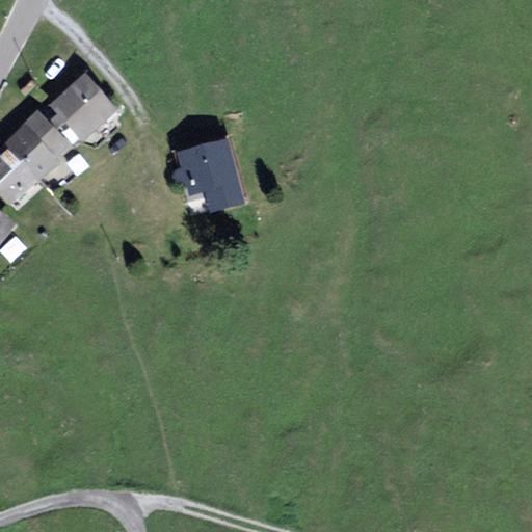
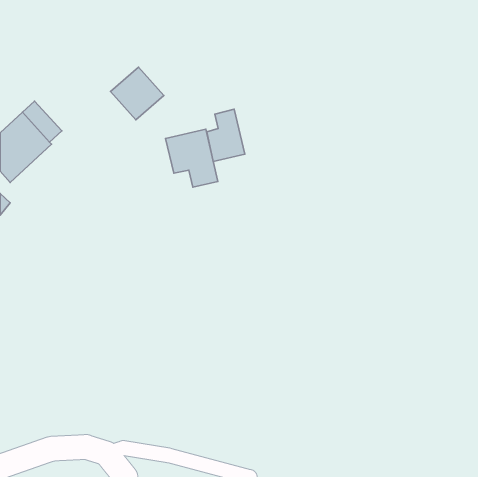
building: [55,79,114,137] -> [110,67,164,120]
building: none -> [207,109,245,162]

